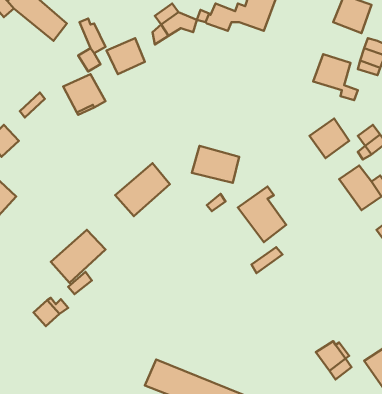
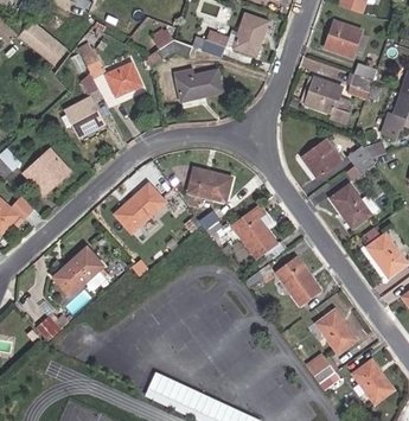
building: none -> [174,69,224,101]
building: none -> [24,148,70,194]
building: none -> [275,257,321,306]
building: none -> [315,310,357,355]

